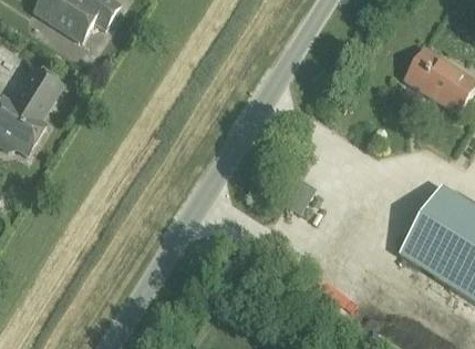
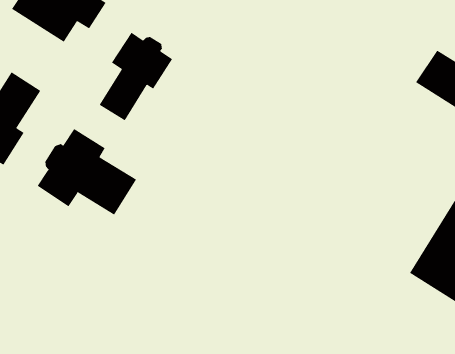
building: none -> [99,32,173,121]
building: none -> [37,128,137,215]

